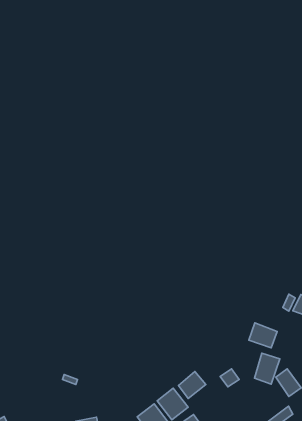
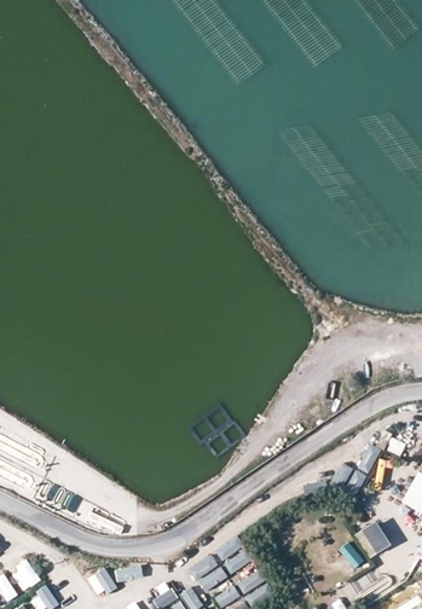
building: [254,353,280,384] -> none
building: [178,371,206,398] -> none

